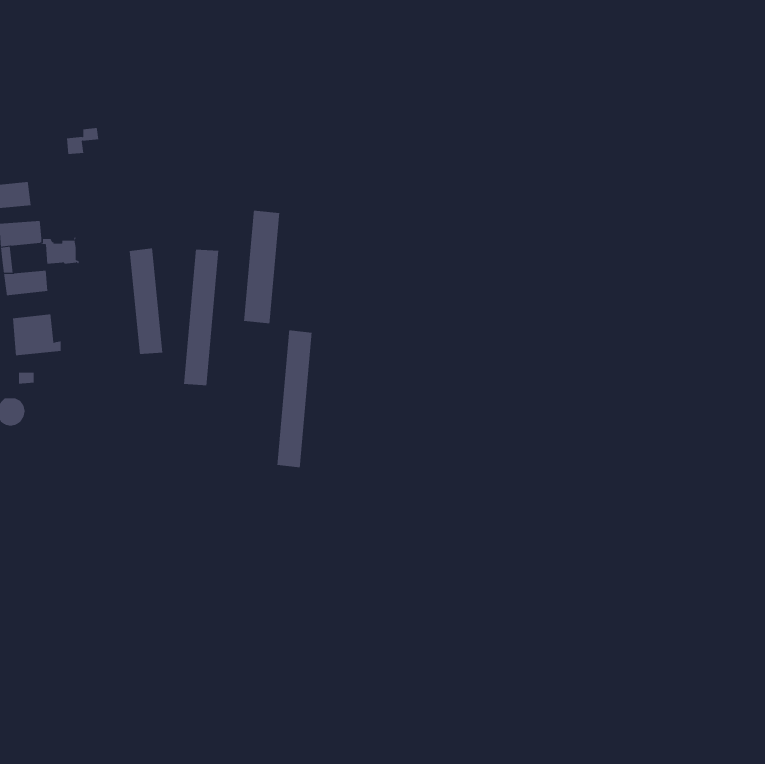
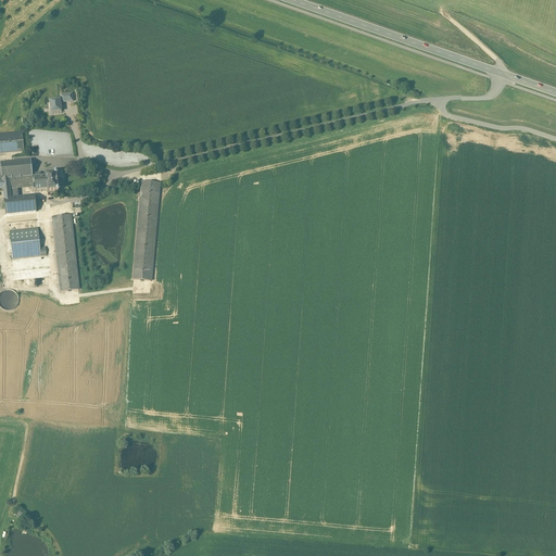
building: [244,210,280,324] -> none
building: [129,248,163,354] -> [52,213,77,290]
building: [277,330,312,468] -> none

